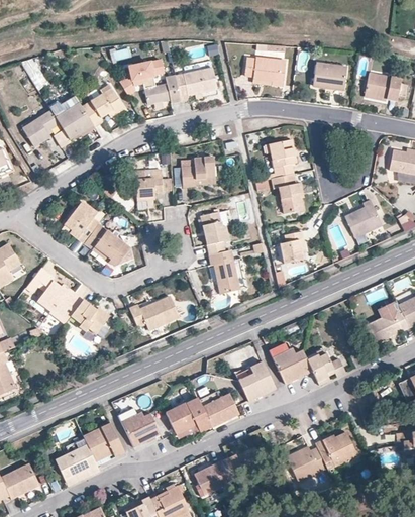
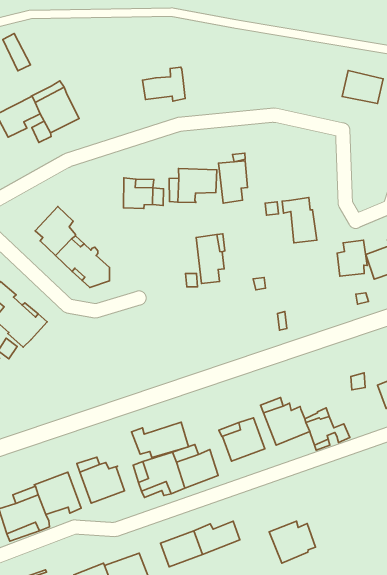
building: [244,57,286,84] -> none
building: [119,59,165,93] -> none
building: [176,60,217,99] -> none
building: [81,84,124,126] -> none
building: [270,139,296,177] -> [218,161,247,203]
building: [280,230,306,263] -> [337,240,367,276]
building: [209,248,239,293] -> none
building: [128,296,178,328] -> [131,422,189,458]
building: [70,298,107,332] -> none
building: [315,433,356,470] -> none

